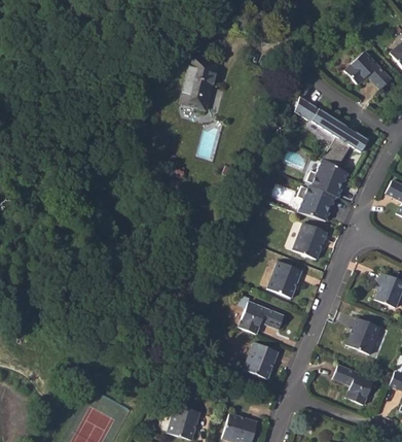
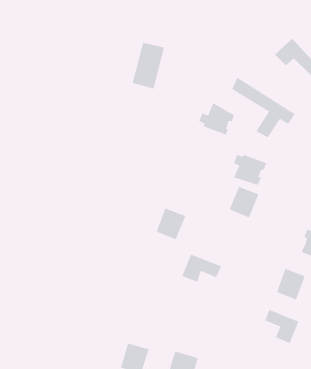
building: [306,159,349,197] -> [198,103,235,136]
building: [267,261,302,298] -> [156,208,186,240]
building: [243,342,278,379] -> none

